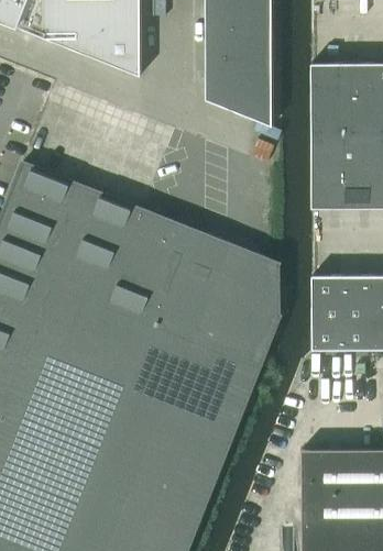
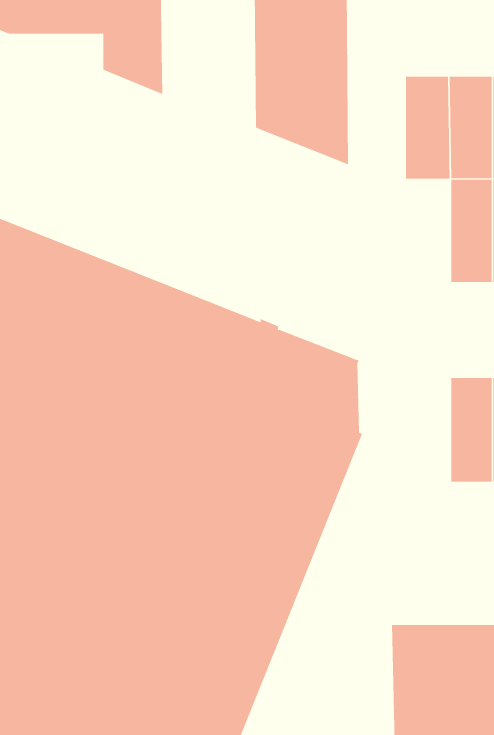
building: [310,136,342,209] -> none
building: [311,276,342,351] -> none

